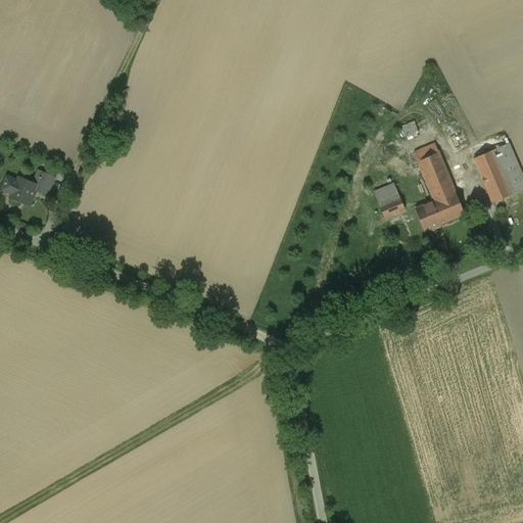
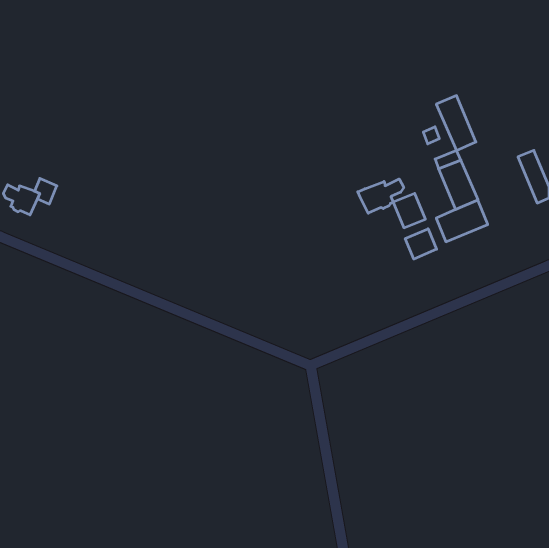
building: [473,149,511,201] -> [436,96,476,150]
building: none -> [358,179,404,213]
building: none -> [405,229,437,259]

